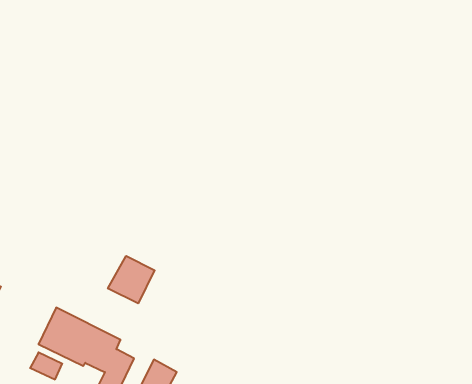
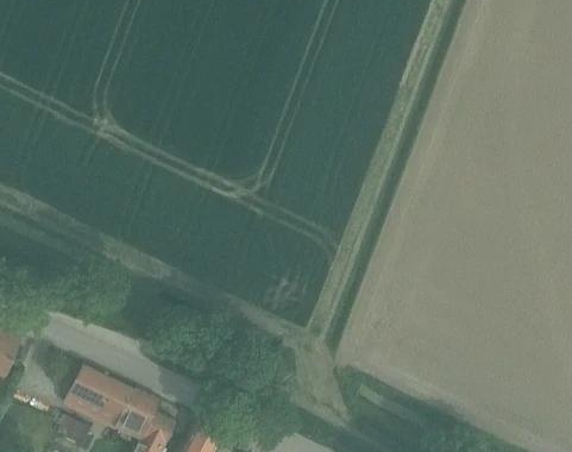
building: [108,256,155,303] -> none

